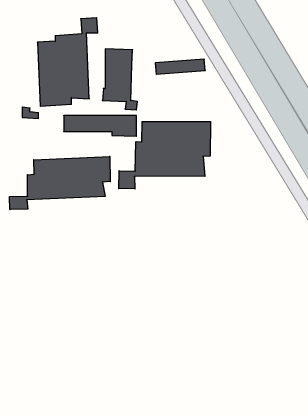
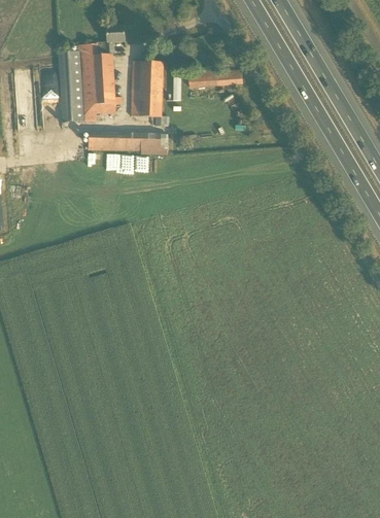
building: [119,122,211,189] -> none
building: [10,156,110,210] -> none

